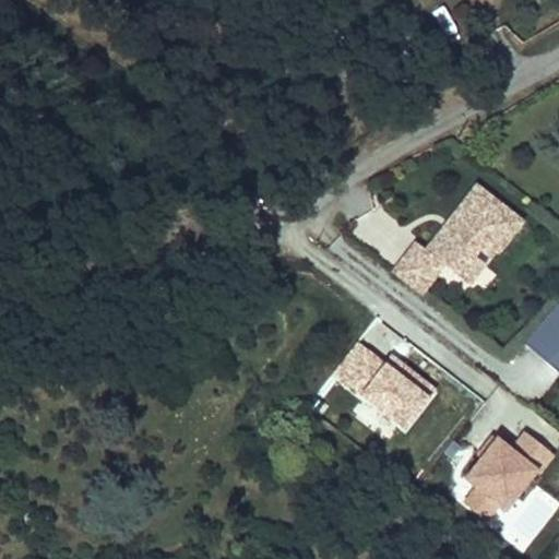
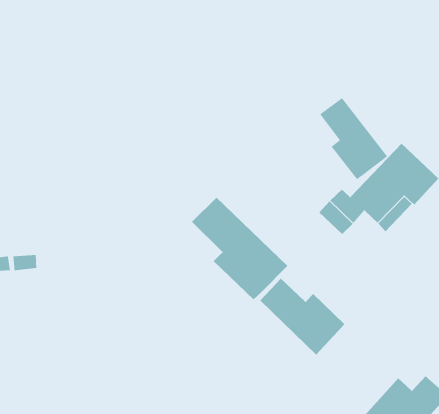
building: none -> [319,97,388,180]
building: none -> [191,197,288,300]

